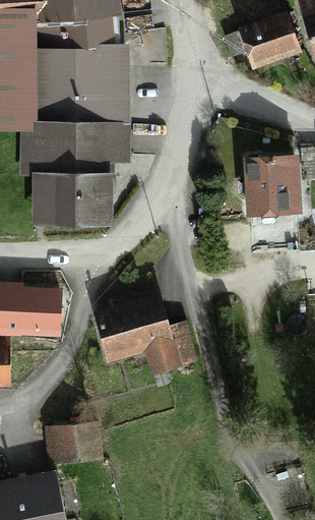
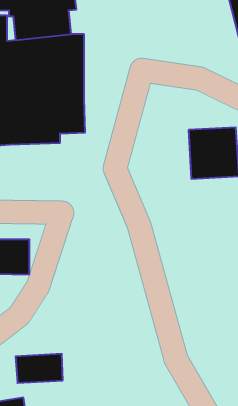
building: [236,13,299,73] -> none
building: [38,174,107,229] -> none
building: [94,296,201,375] -> none

